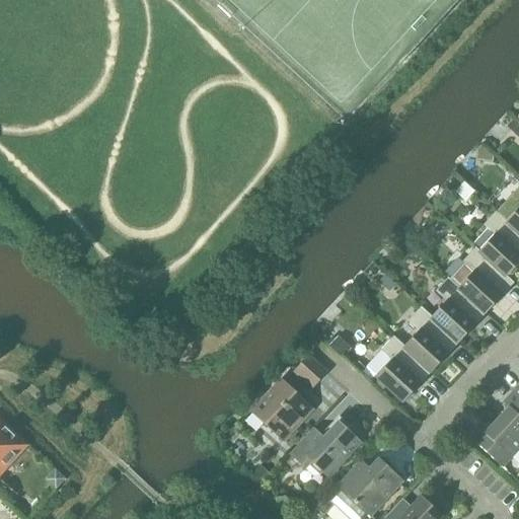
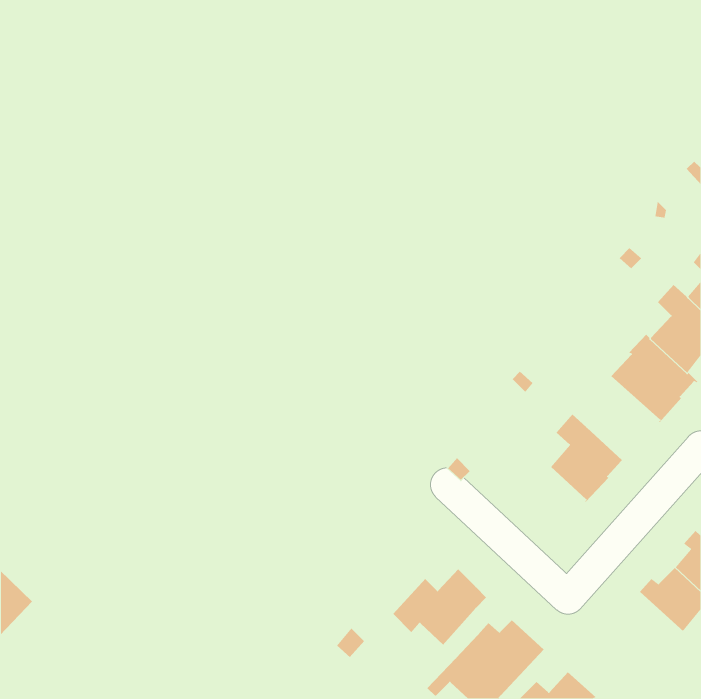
building: [434,277,488,342] -> none
building: [370,335,433,400] -> none
building: [252,355,326,439] -> none

